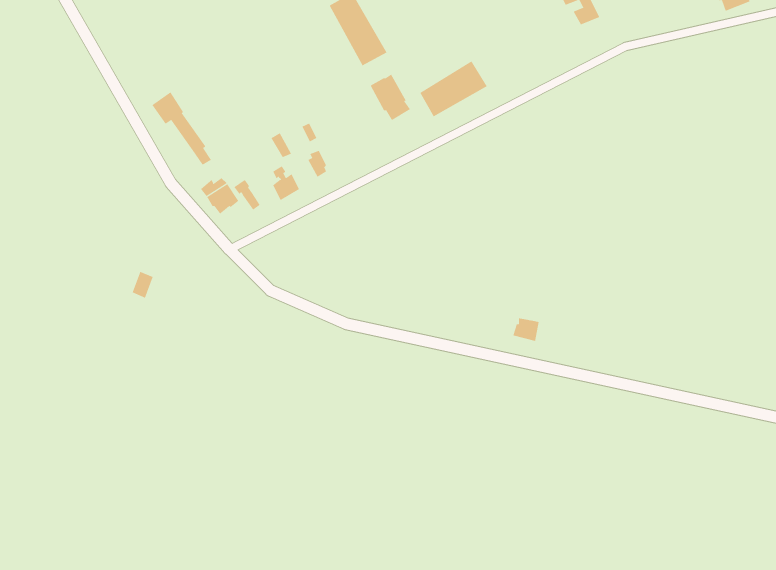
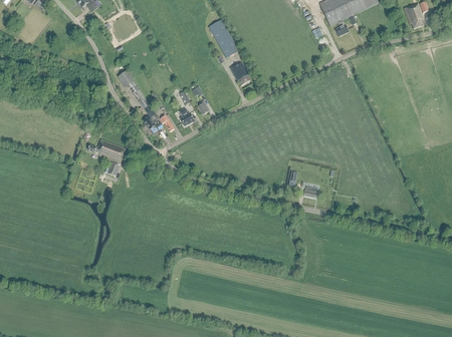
building: [419,61,487,117] -> none
building: none -> [87,137,126,161]

